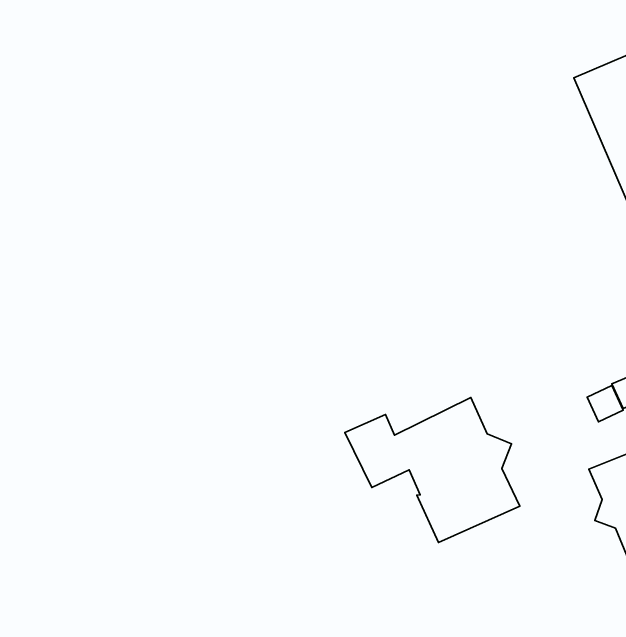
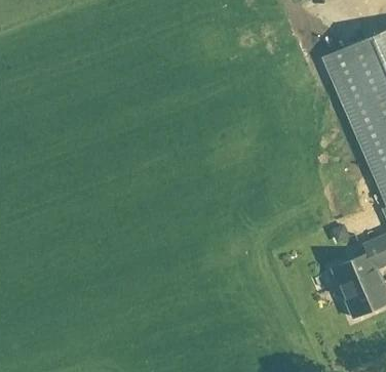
building: [345,398,520,542] -> none

